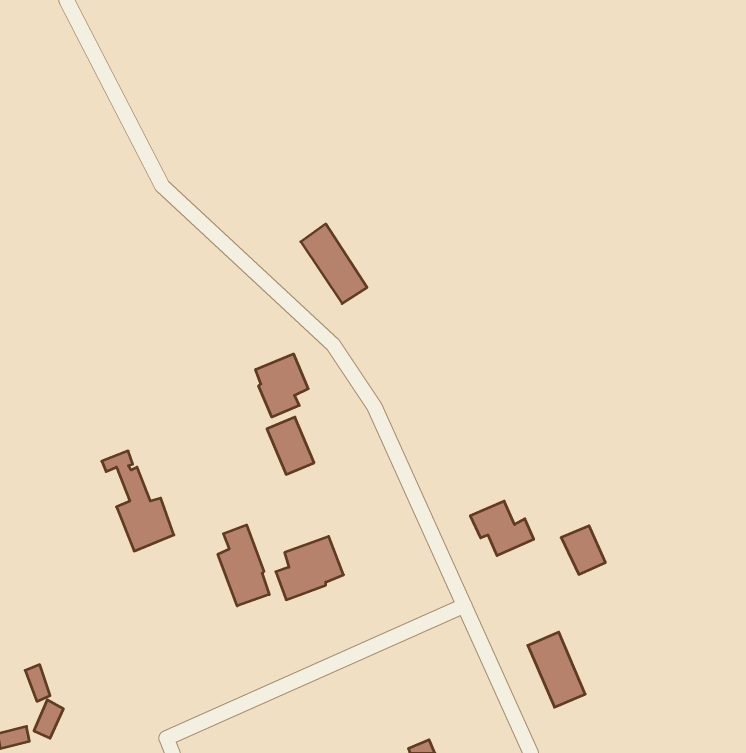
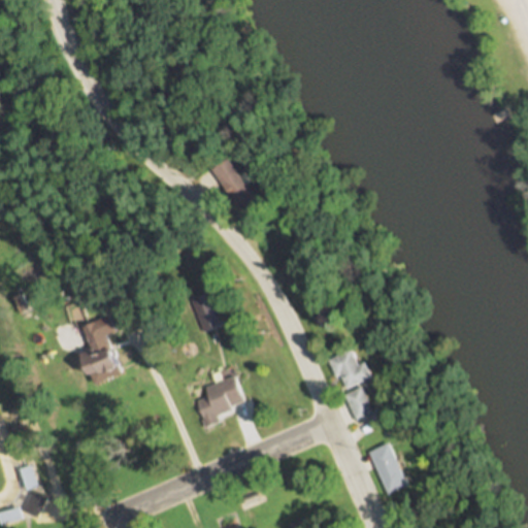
building: [256,354,308,417] -> none
building: [218,525,269,606] -> none
building: [561,526,605,574] -> [343,387,374,421]

